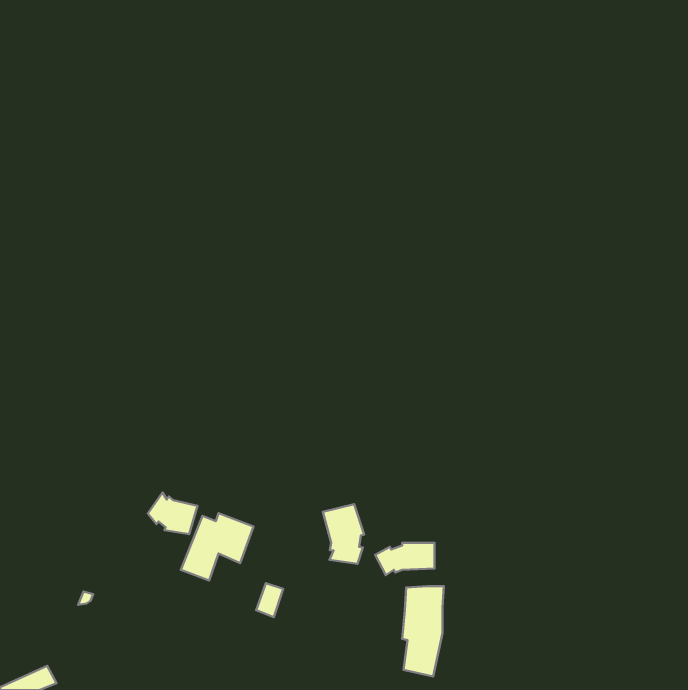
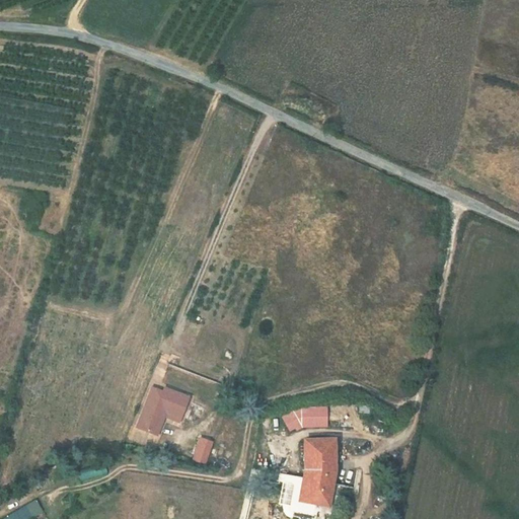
building: [148,492,197,534] -> none
building: [323,504,364,564] -> none

